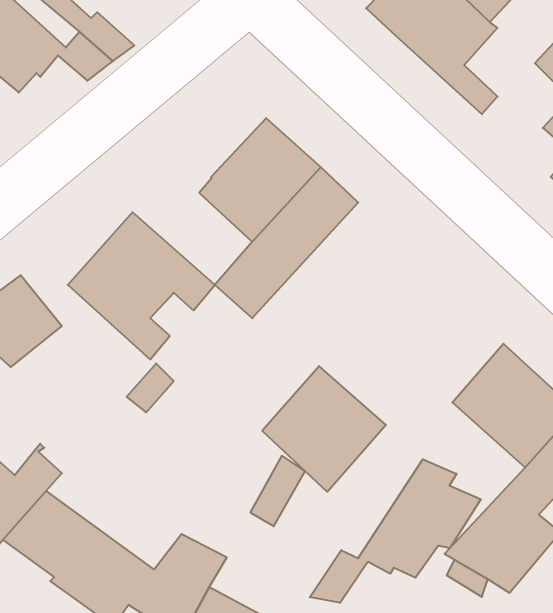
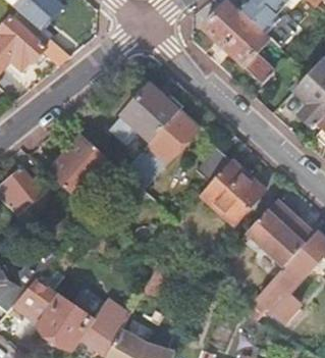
building: [262,366,386,492] -> [201,159,265,224]
building: [310,459,481,603] -> none

